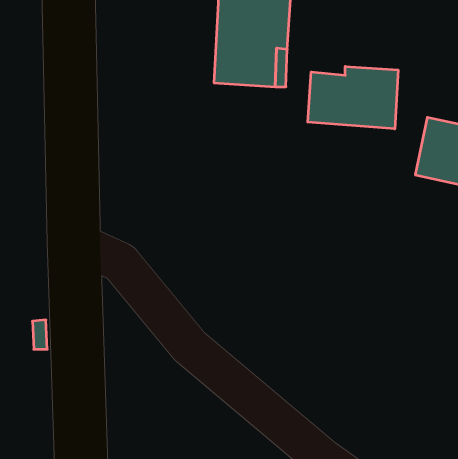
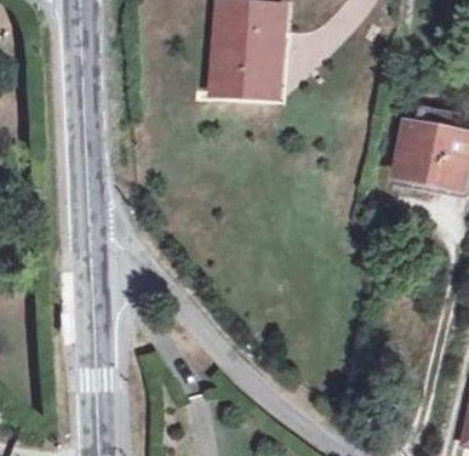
building: [308,66,398,129] -> none

